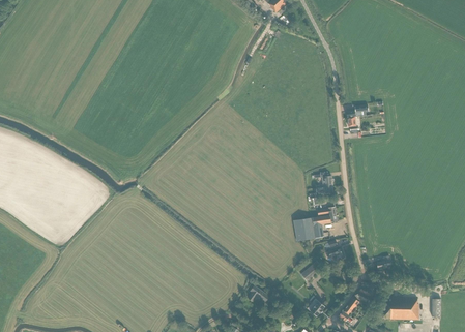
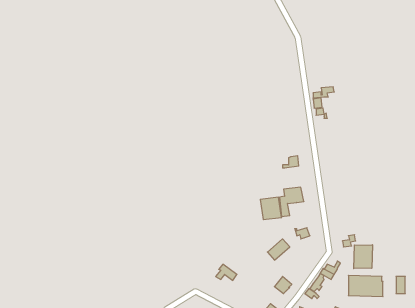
building: none -> [354,245,372,269]

